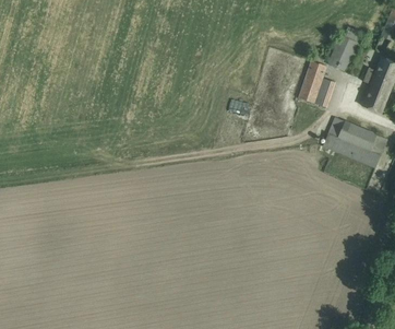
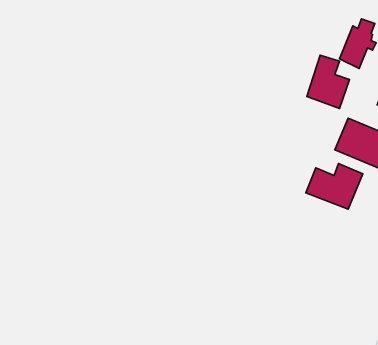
building: none -> [306,164,363,209]

